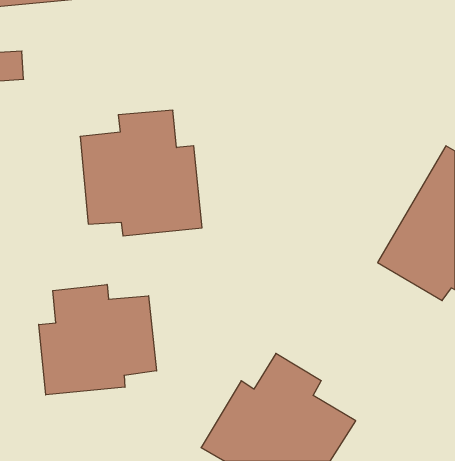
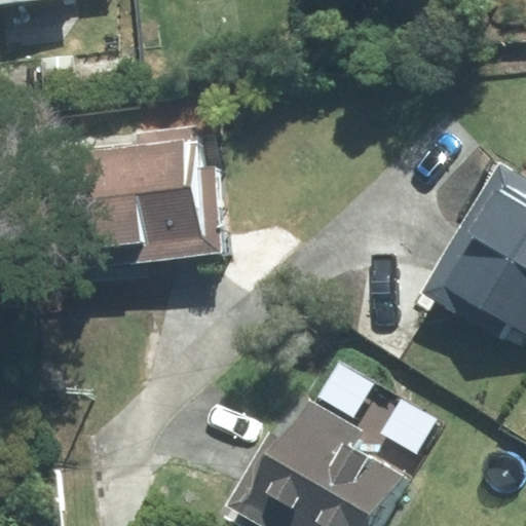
building: [39,284,157,395] -> none

